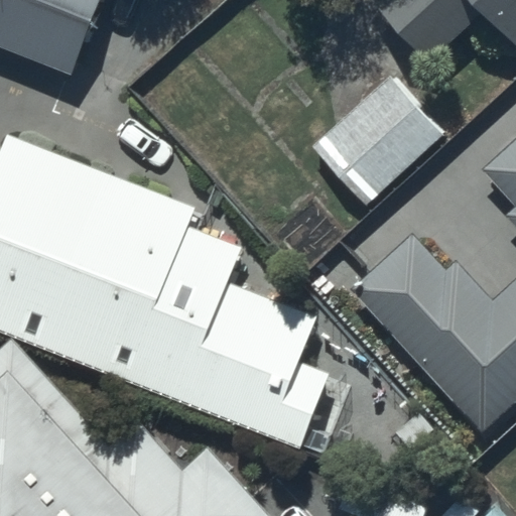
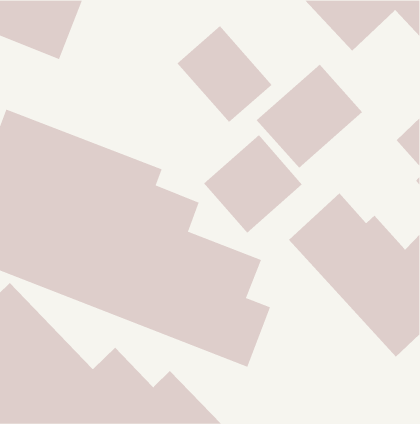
building: none -> [176,25,273,123]
building: none -> [203,134,303,234]

